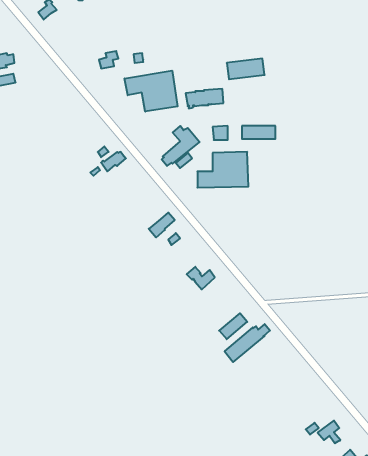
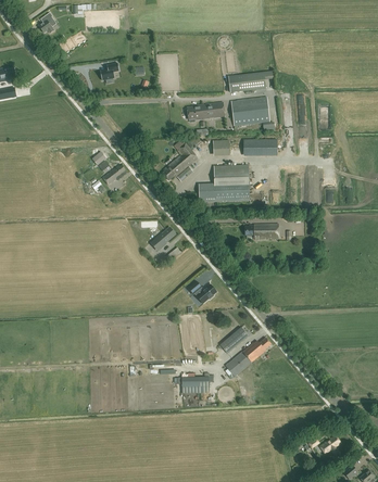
building: [125,71,178,112] -> none
building: none -> [231,97,269,125]
building: none -> [245,223,279,239]
building: none -> [181,377,209,393]

